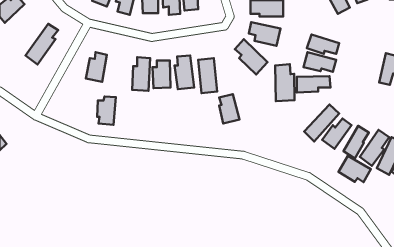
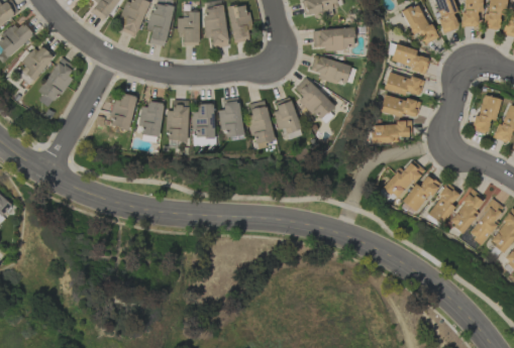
building: none -> [19,44,56,80]
building: none -> [392,44,430,73]
building: [275,64,295,101] -> none
building: [219,94,239,124] -> [275,98,300,134]
building: [97,96,116,125] -> [140,102,164,137]
building: [338,156,371,182] -> none

